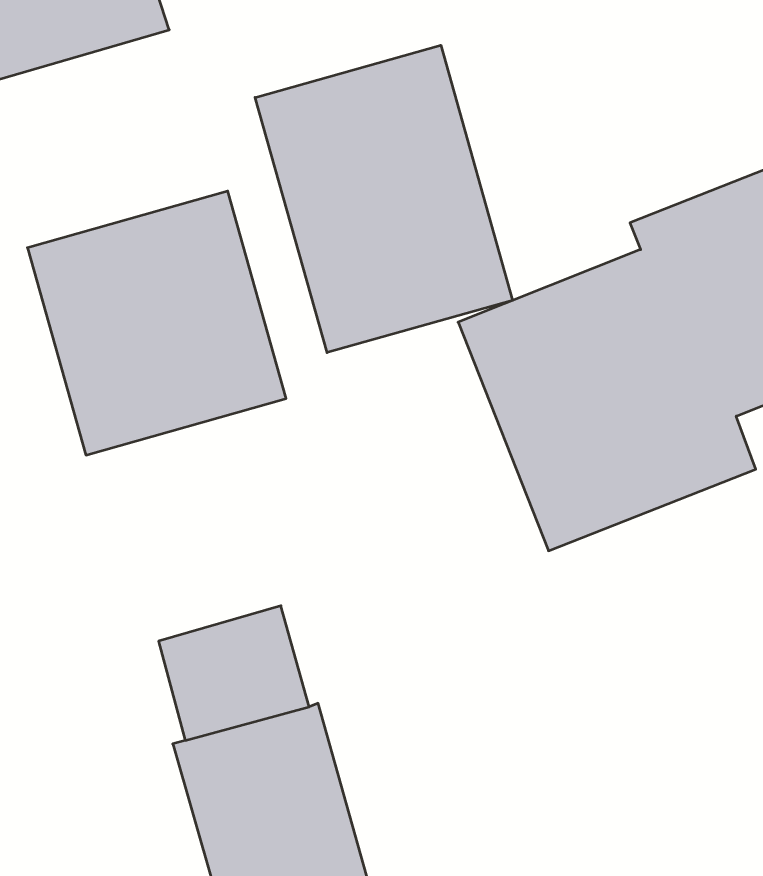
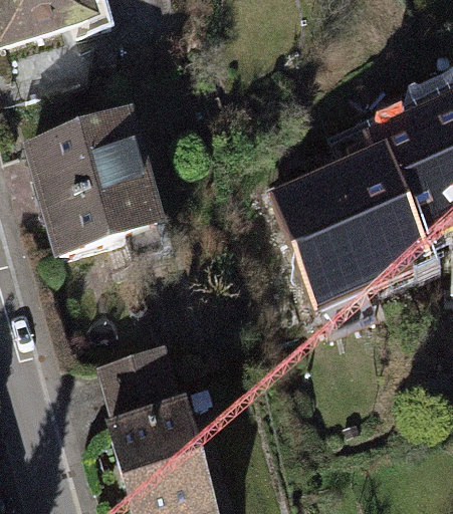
building: [255,45,513,353] -> none

